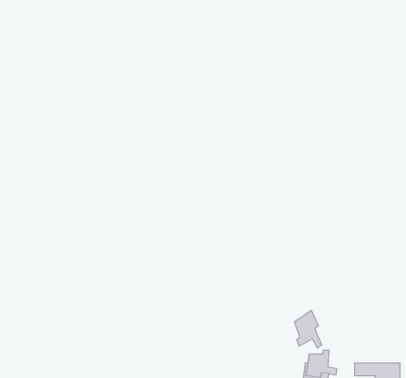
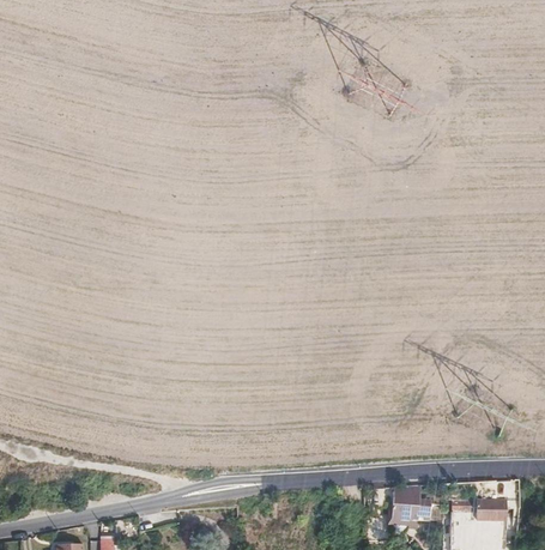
building: [295,310,322,348] -> none

